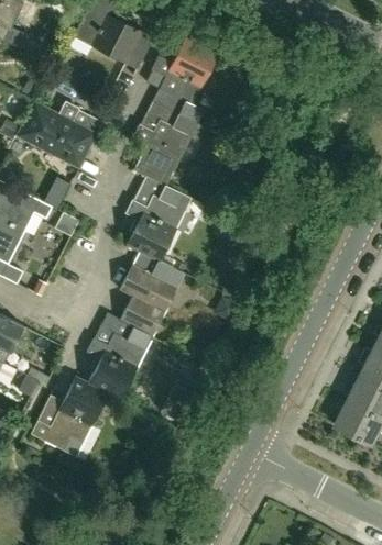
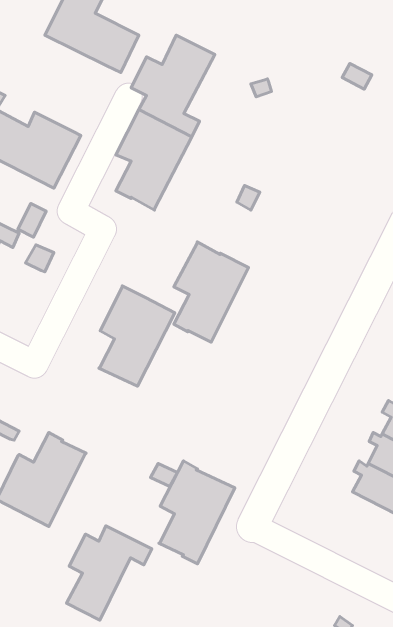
building: [128,175,192,260] -> [174,242,248,342]
building: [88,313,153,401] -> [159,461,235,564]
building: none -> [67,526,152,620]

